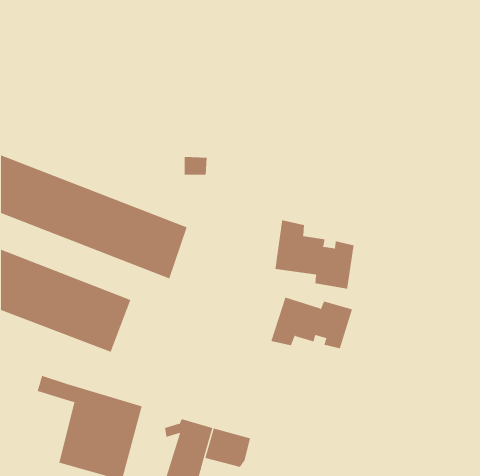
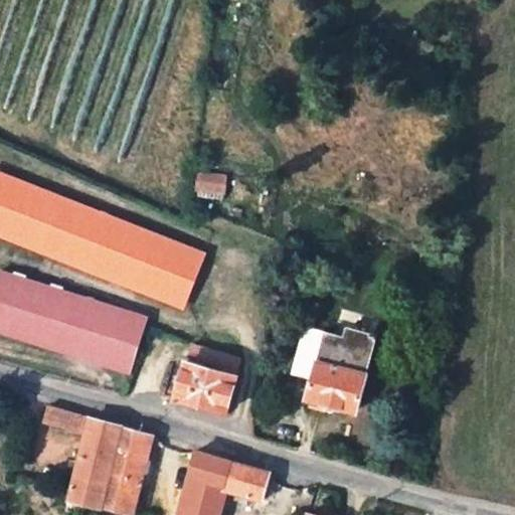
building: [275,219,354,289] -> none
building: none -> [162,343,237,414]
building: none -> [305,364,365,414]

